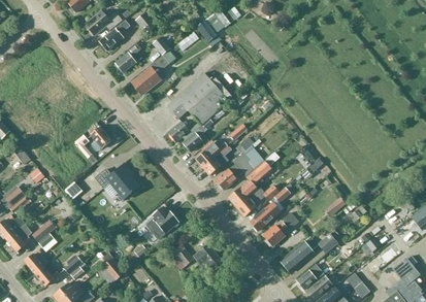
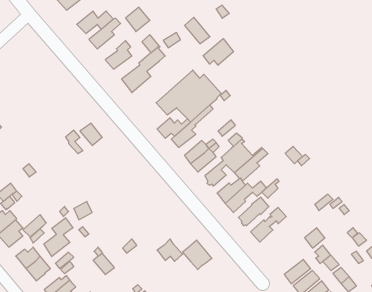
building: none -> [203,39,233,65]
building: [94,164,140,200] -> none
building: [146,208,179,234] -> none
building: none -> [44,218,73,257]
building: [280,237,317,272] -> none

